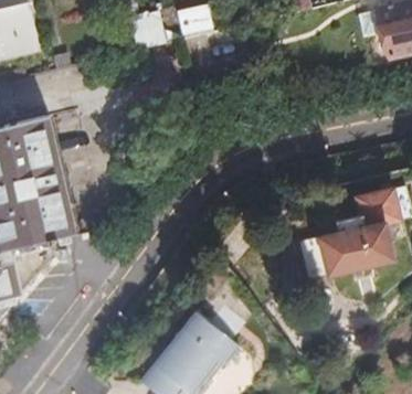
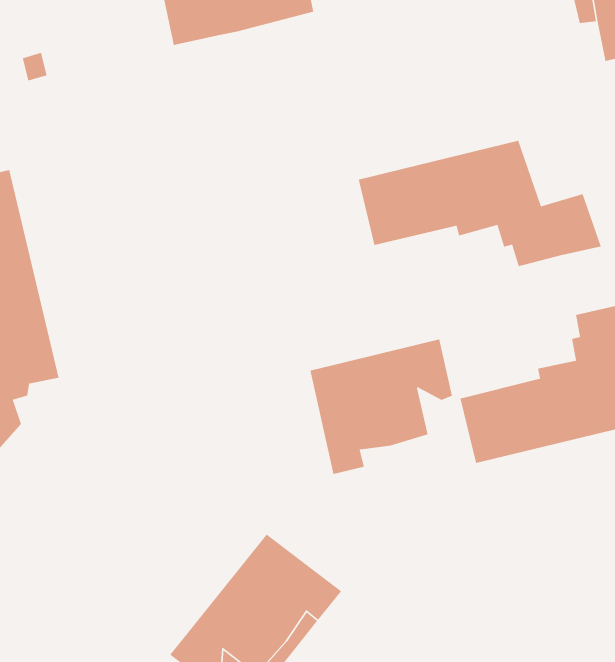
building: none -> [358,140,602,267]
building: none -> [310,339,453,475]

